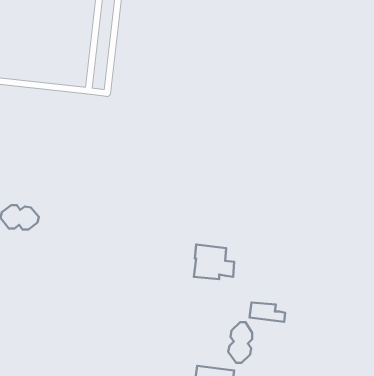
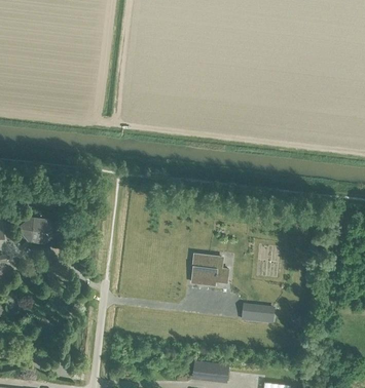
building: [228,322,252,363] -> none

